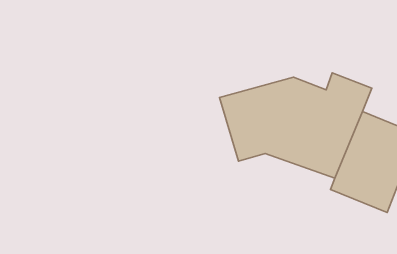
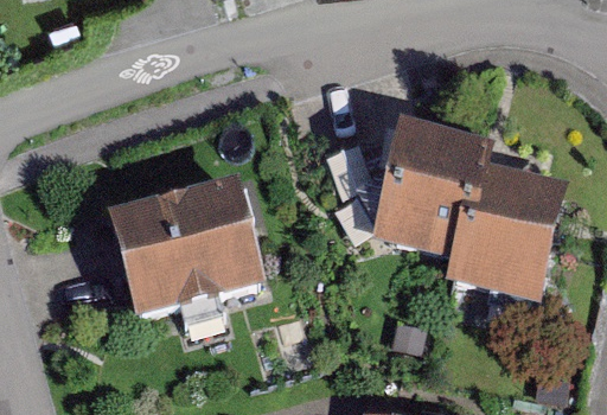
building: none -> [106,186,267,320]

